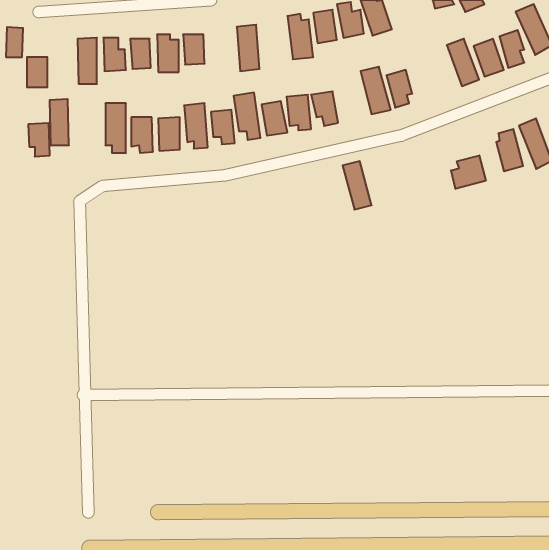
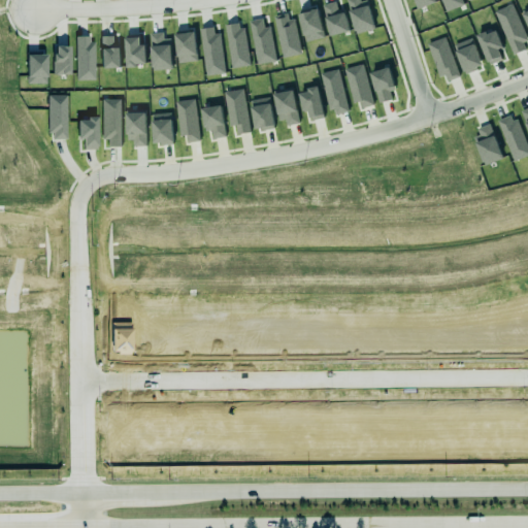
building: none -> [251,19,277,64]
building: [6,27,23,57] -> [54,45,70,74]
building: none -> [201,27,224,75]
building: [28,123,50,157] -> [77,118,98,150]
building: [451,155,486,189] -> none
building: [343,161,372,210] -> [322,69,350,116]

